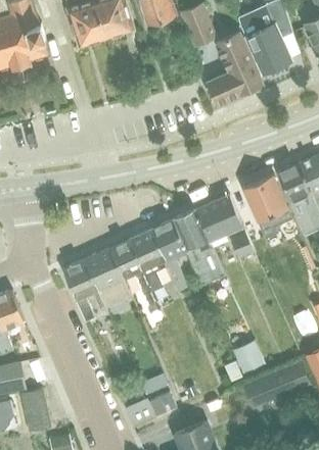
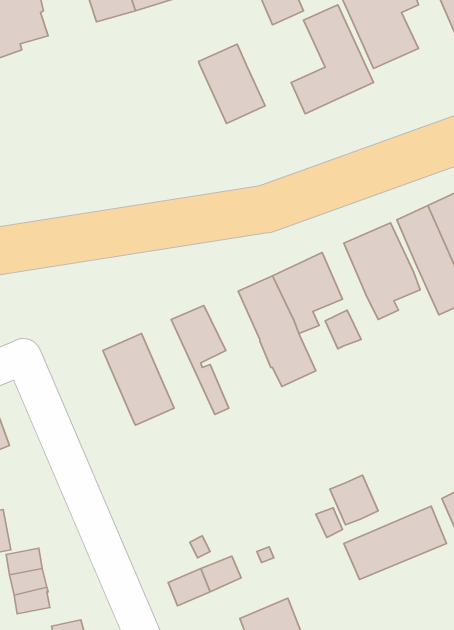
building: none -> [198,44,265,123]
building: [150,220,187,290] -> none
building: [109,239,157,305] -> none
building: [61,259,104,321] -> none

